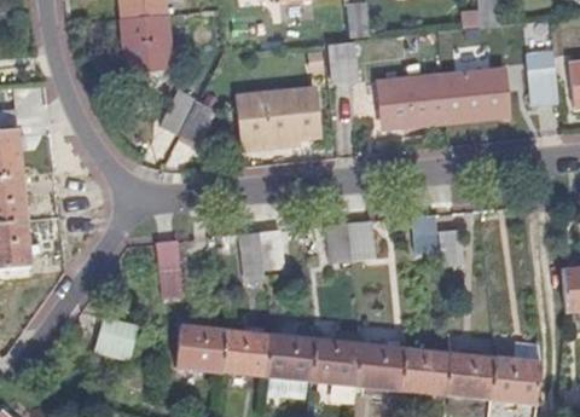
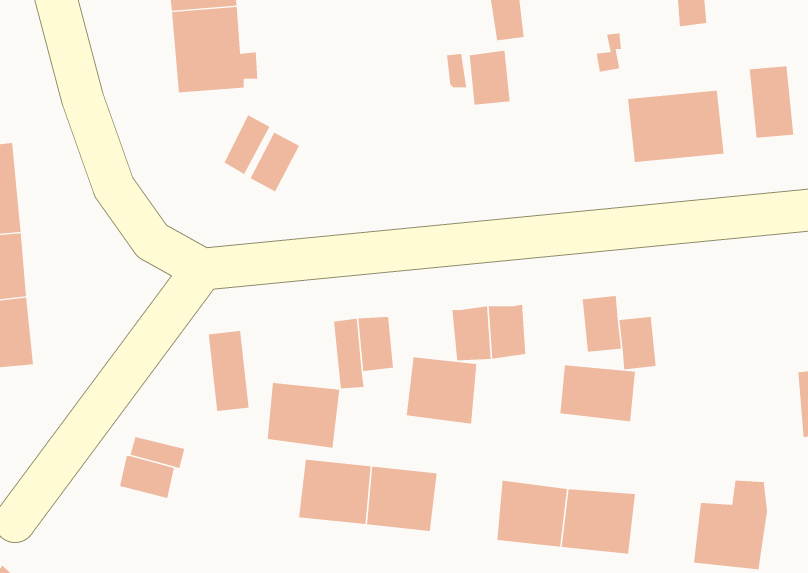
building: [378,79,447,129] -> none
building: [242,89,318,141] -> none
building: none -> [559,364,636,422]
building: [168,324,219,370] -> [267,382,340,448]
building: [306,338,355,386] -> [406,357,477,424]
building: [443,353,493,401] -> none

